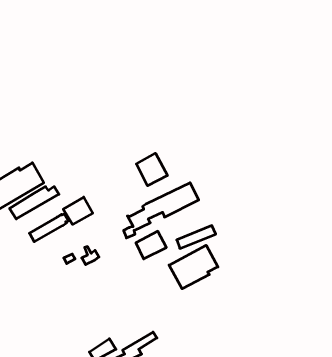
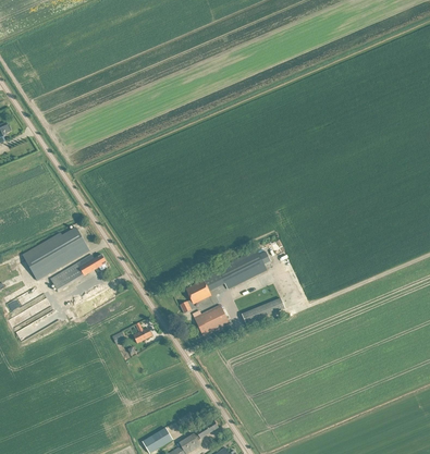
building: [136,153,167,186] -> none
building: [63,197,93,224] -> none
building: [169,245,218,289] -> none

